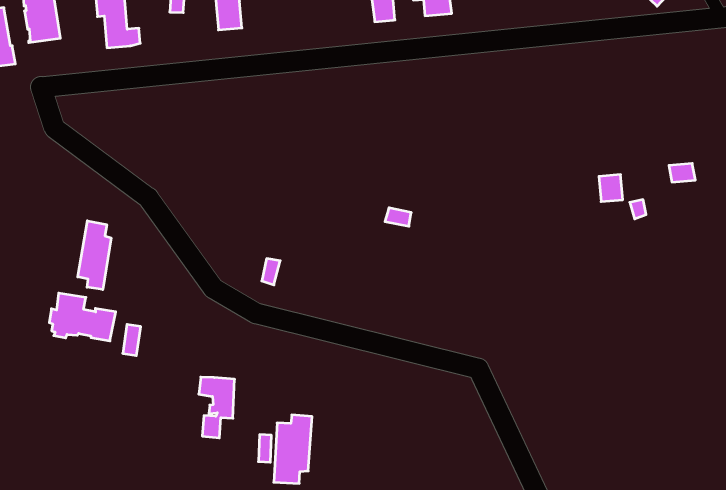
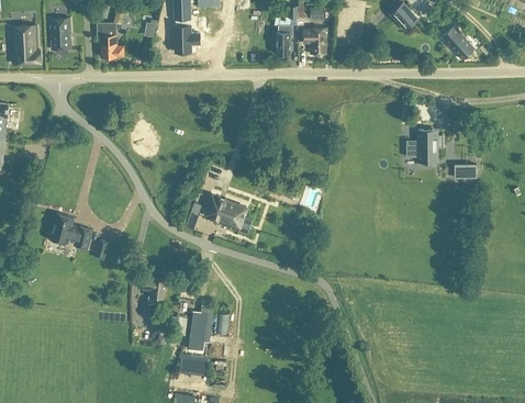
building: none -> [418,131,436,161]
building: [78,221,111,290] -> none
building: none -> [204,195,247,227]

